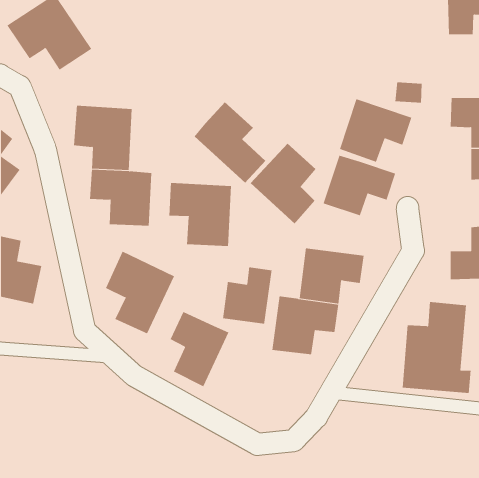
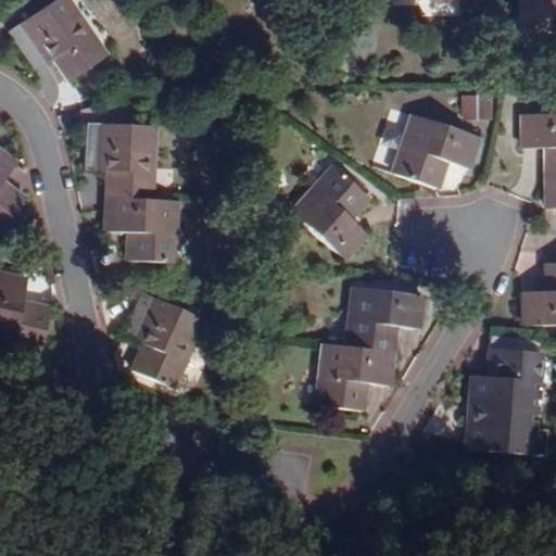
building: [194,102,266,183] -> none
building: [323,155,396,216] -> none
building: [169,182,232,247] -> none
building: [223,267,272,325] -> none
building: [170,311,229,387] -> none

